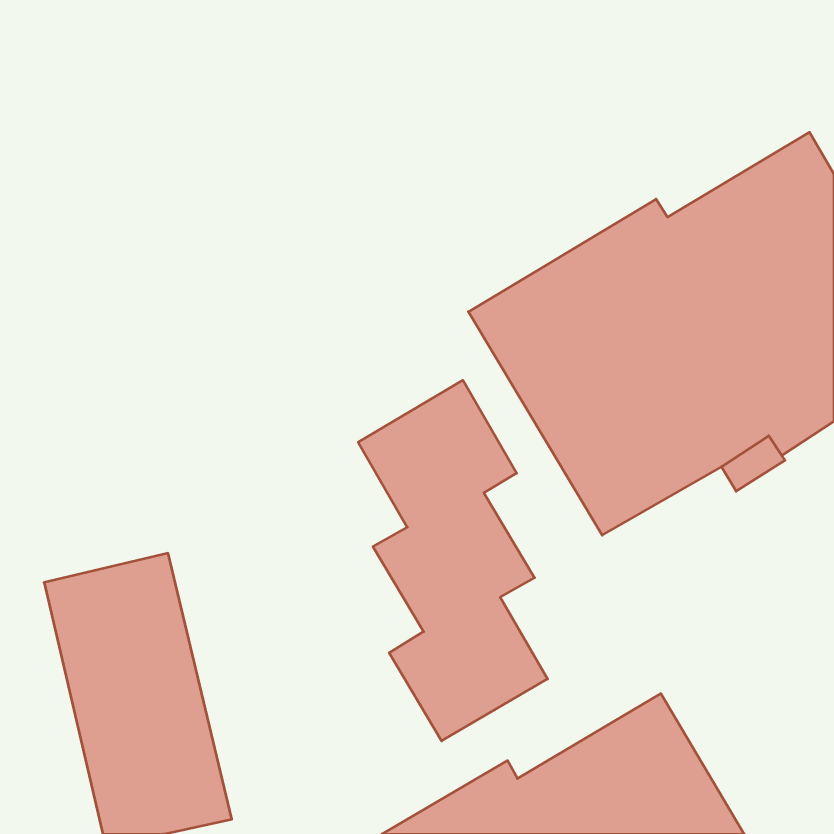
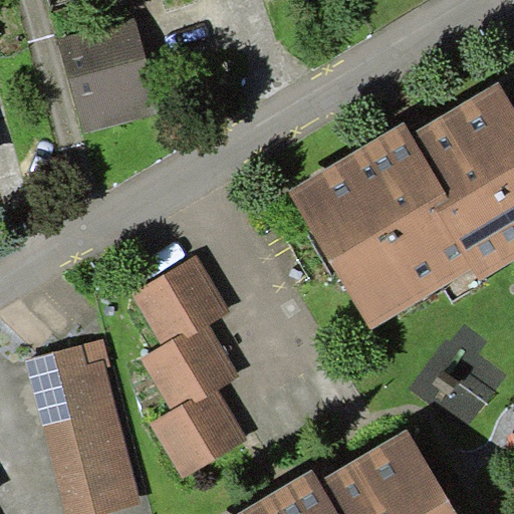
building: none -> [56,17,160,133]
building: [358,380,548,741] -> [132,255,248,477]

